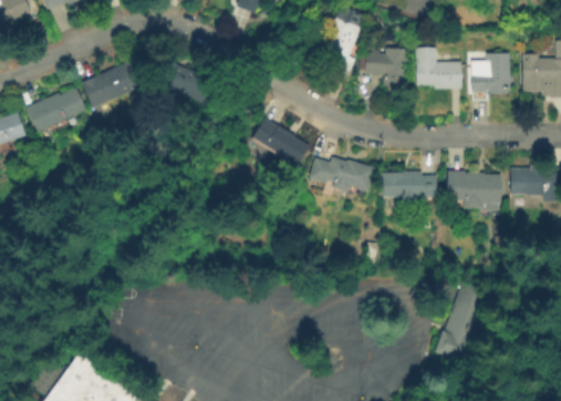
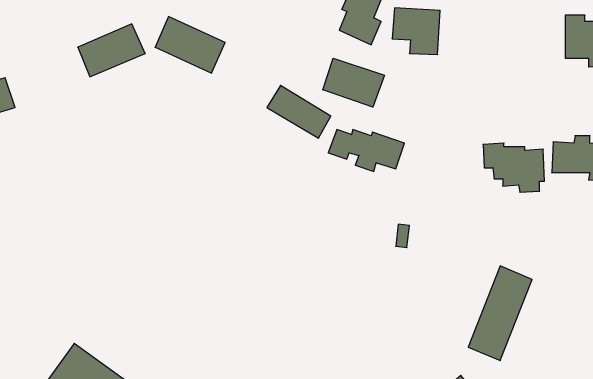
building: [415,48,461,92] -> none
building: [469,53,509,95] -> none
building: [23,89,84,133] -> none
building: none -> [323,58,384,107]
building: [382,172,435,205] -> none

